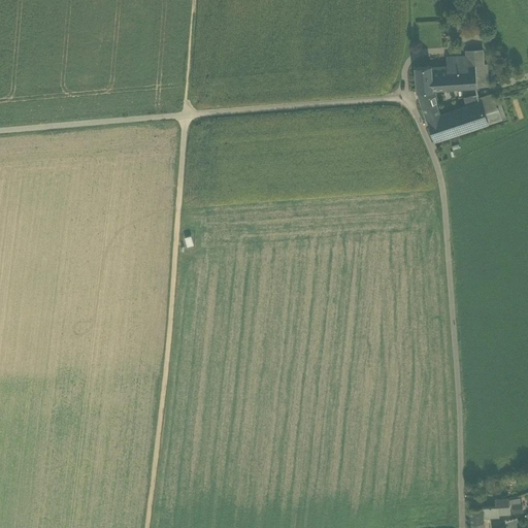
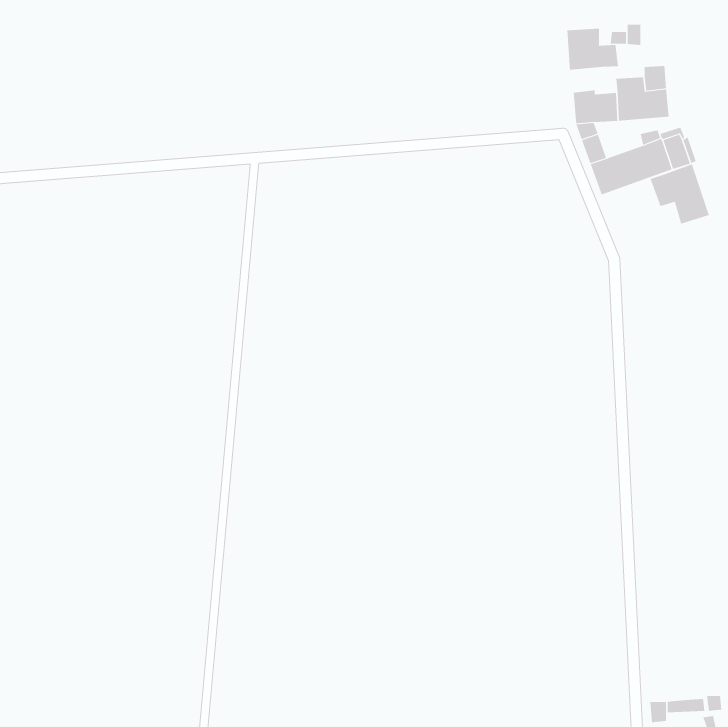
building: none -> [567,28,618,71]
building: none -> [650,164,709,225]

